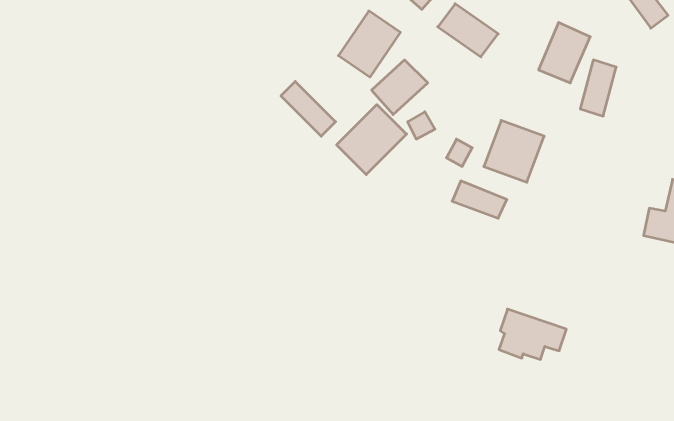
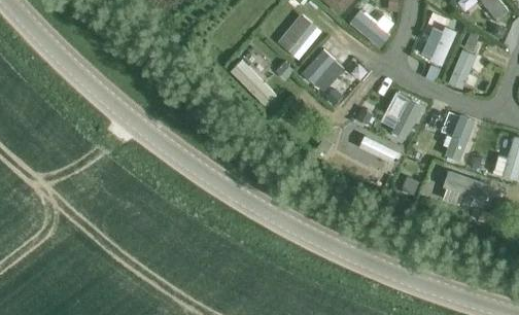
building: [337,105,407,175] -> none
building: none -> [444,112,477,163]
building: [499,309,566,359] -> [440,170,488,206]

